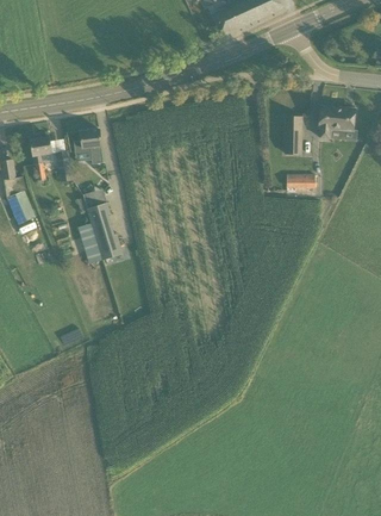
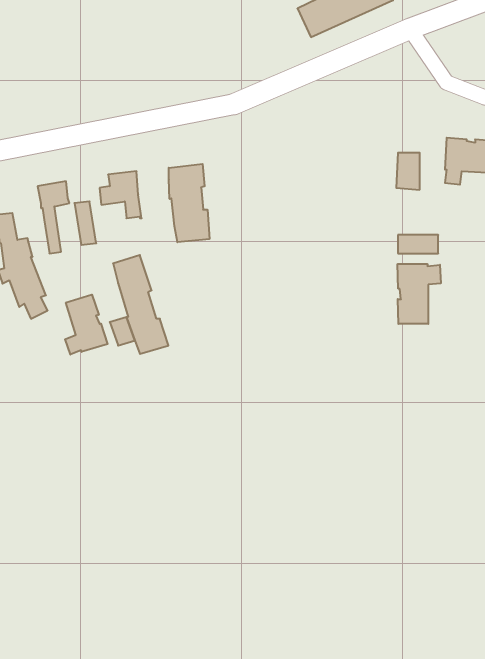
building: none -> [169,164,209,242]
building: none -> [398,264,441,324]
building: none -> [65,295,108,355]

